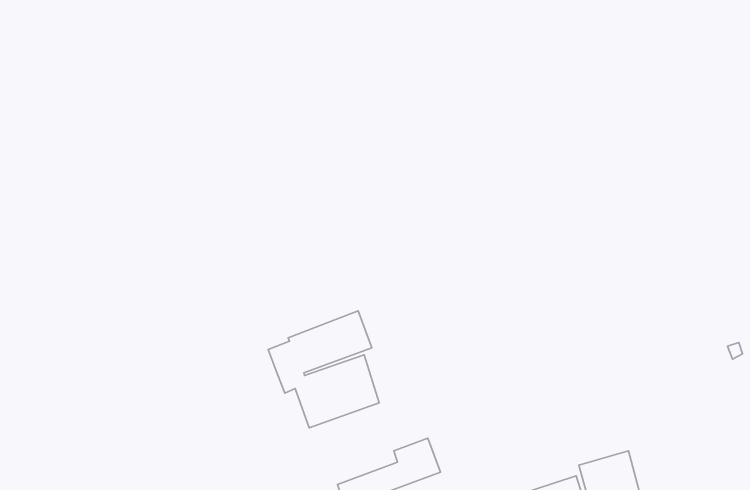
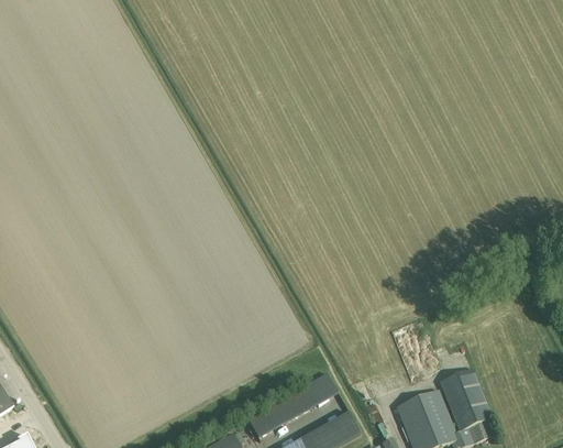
building: [268,311,379,428] -> none

